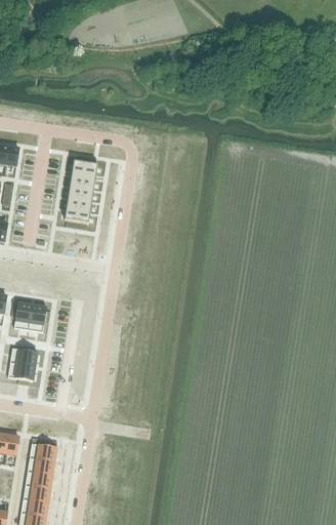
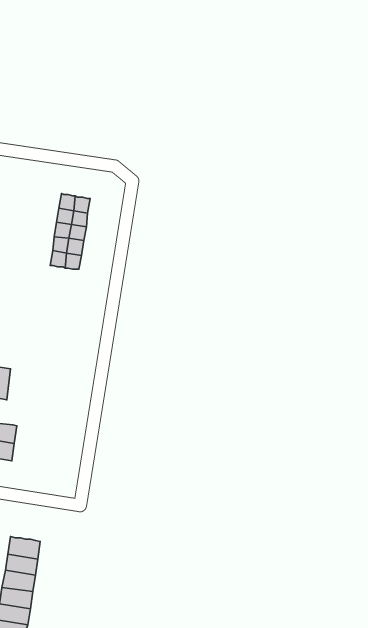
building: [29,305,46,332] -> none

